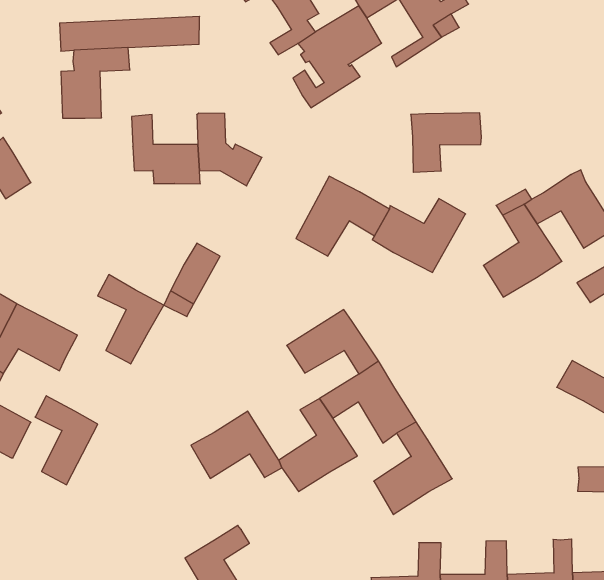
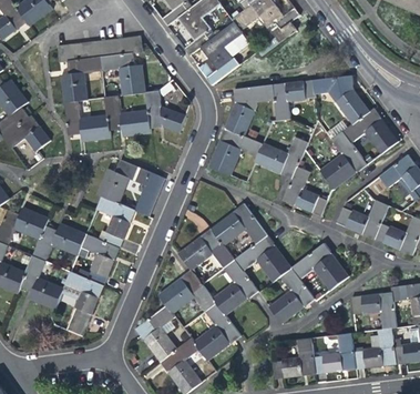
building: none -> [100,53,145,97]
building: none -> [313,74,370,123]
building: none -> [226,83,274,132]
building: none -> [64,102,110,143]
building: none -> [95,158,151,202]
building: none -> [283,166,328,214]
building: none -> [335,199,388,239]
building: none -> [79,232,117,284]
building: none -> [177,228,232,267]
building: none -> [290,242,347,289]
building: none -> [135,303,176,360]
building: none -> [192,301,238,360]
building: none -> [352,292,393,330]

